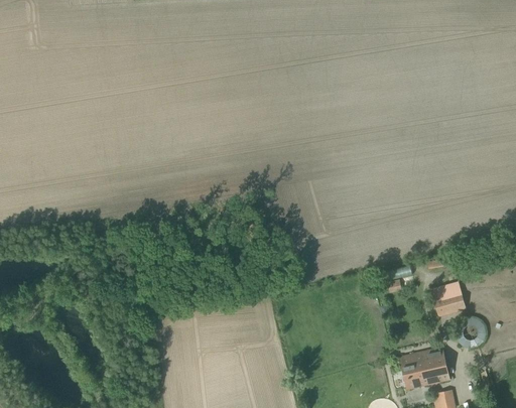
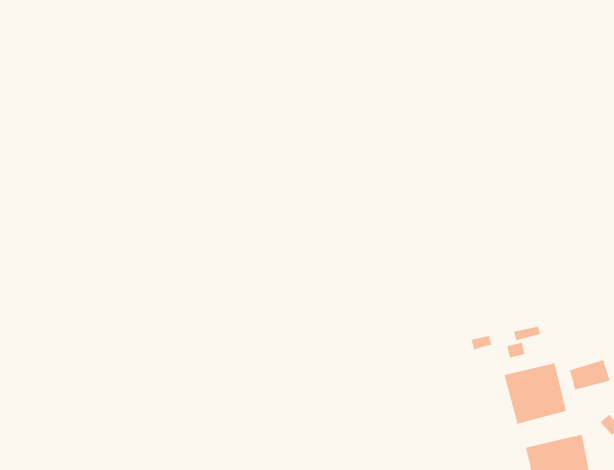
building: none -> [504,362,566,424]

